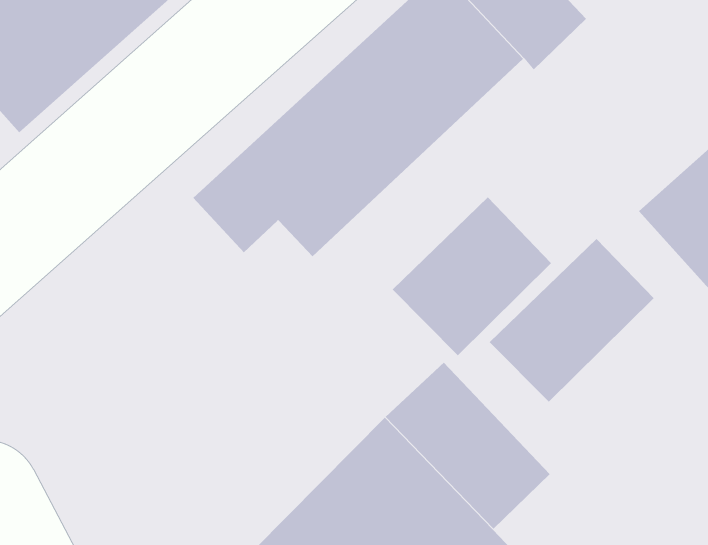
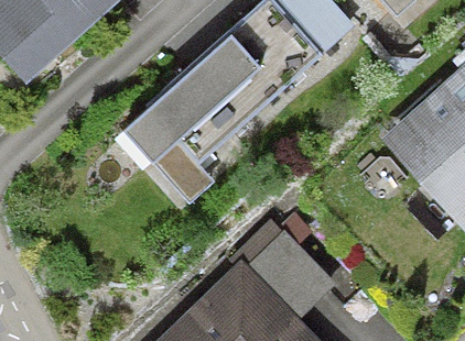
building: [392,197,552,356] -> none
building: [489,238,655,402] -> none

